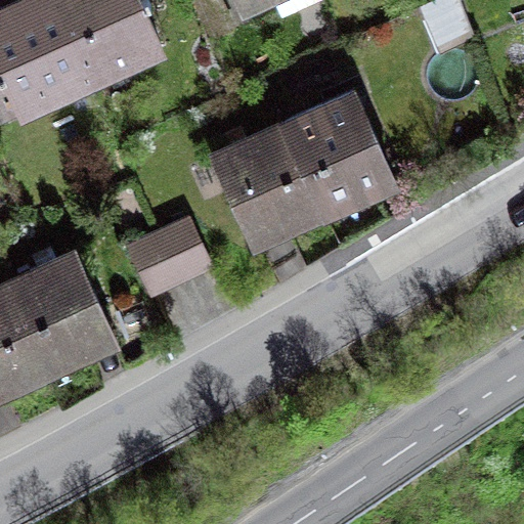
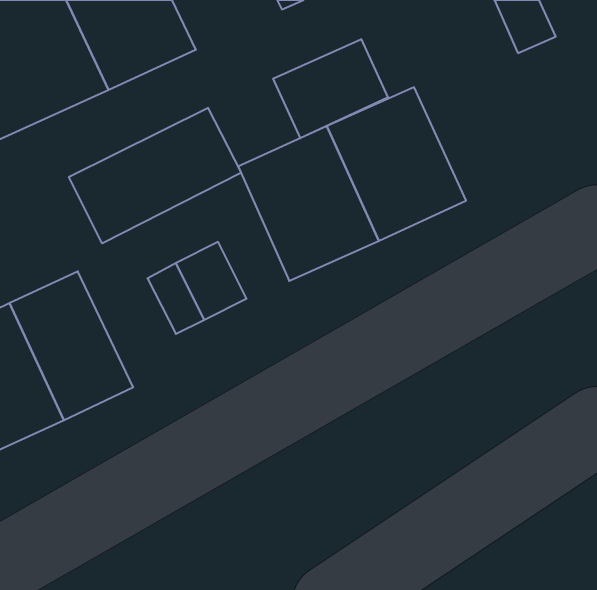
building: none -> [273,39,388,138]
building: none -> [69,108,241,243]

